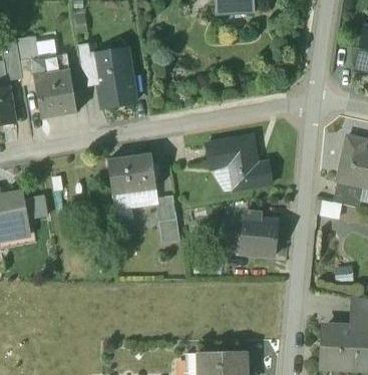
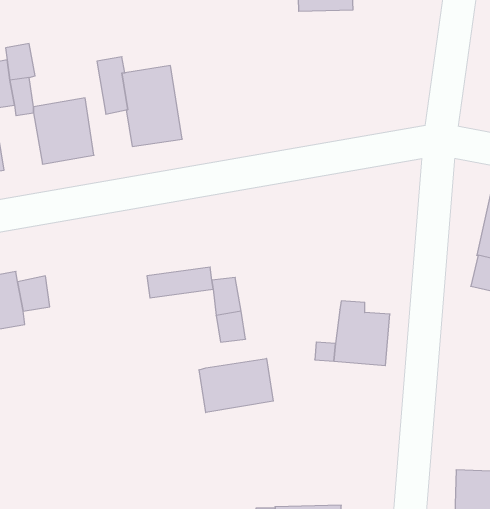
building: [32,53,70,79] -> none
building: [206,136,271,191] -> none
building: [107,153,156,195] -> none
building: none -> [199,358,273,413]

